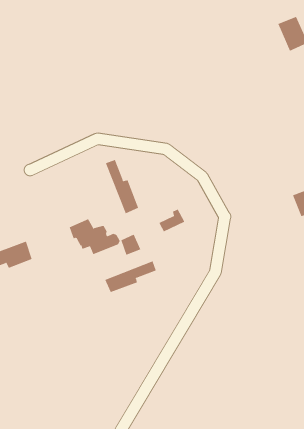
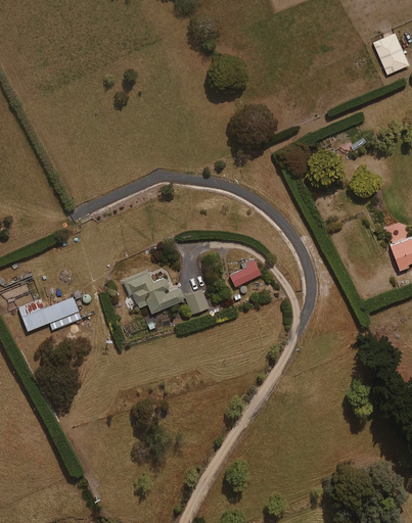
building: [105,159,139,214] -> none
building: [104,261,156,293] -> none

